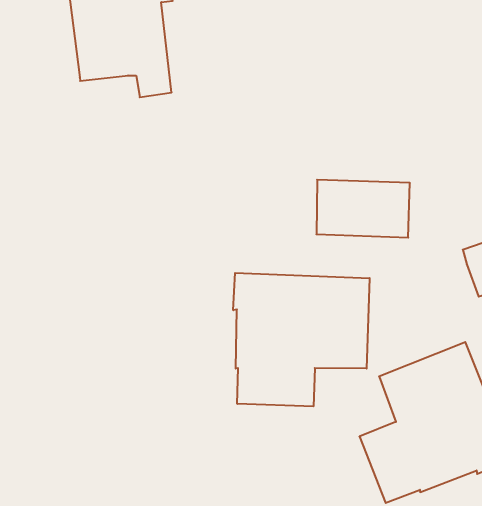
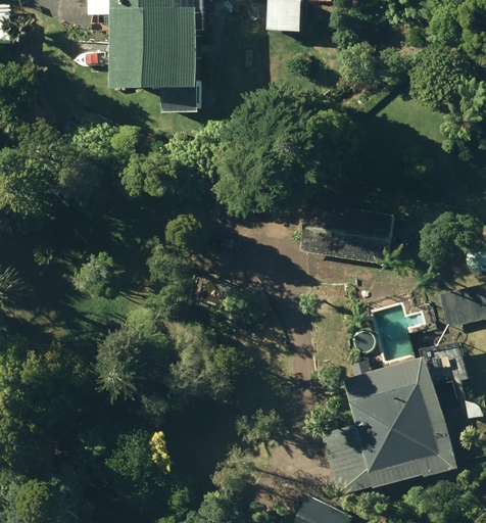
building: [233,273,370,406] -> none

